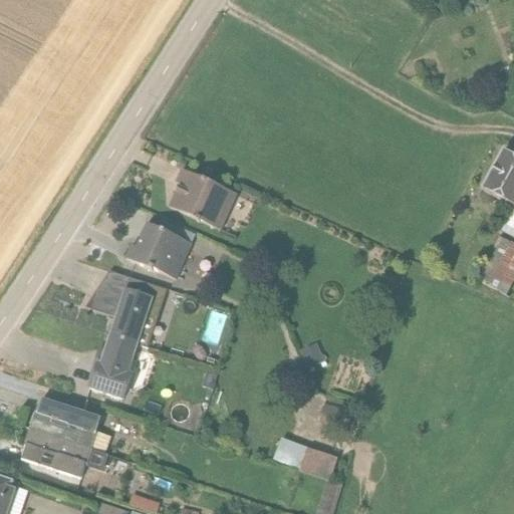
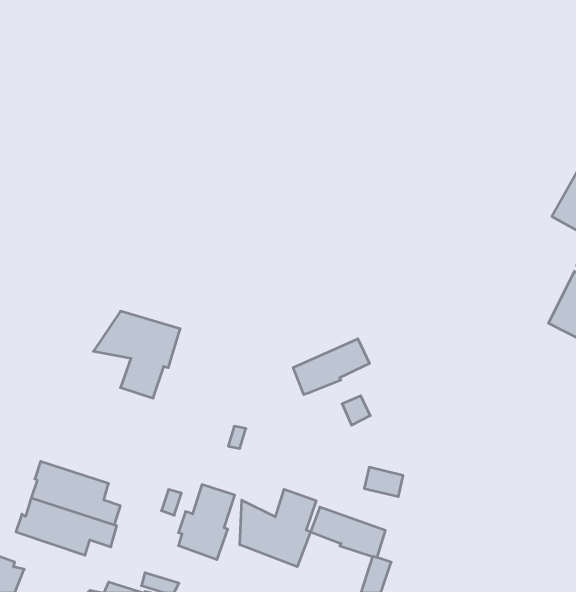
building: [170,167,237,229] -> none
building: [125,222,192,277] -> none
building: none -> [293,339,369,395]
building: [90,333,139,398] -> [178,485,235,560]
building: none -> [240,489,316,567]

